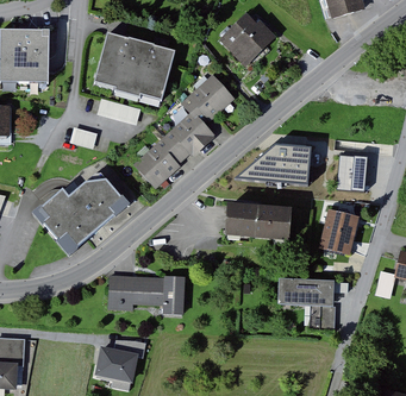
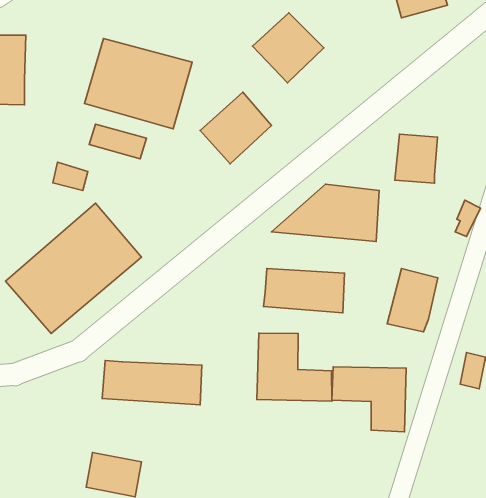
building: [132,114,211,188] -> none
building: [336,155,368,191] -> [395,134,438,183]
building: none -> [257,333,332,401]

